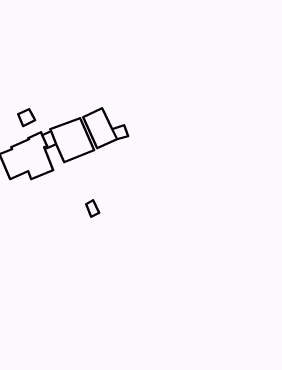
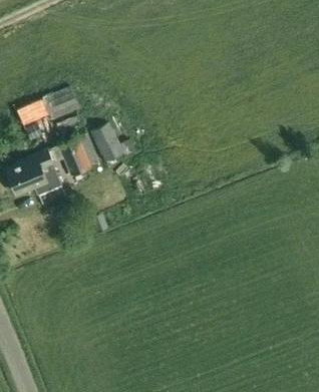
building: none -> [16,86,80,125]

